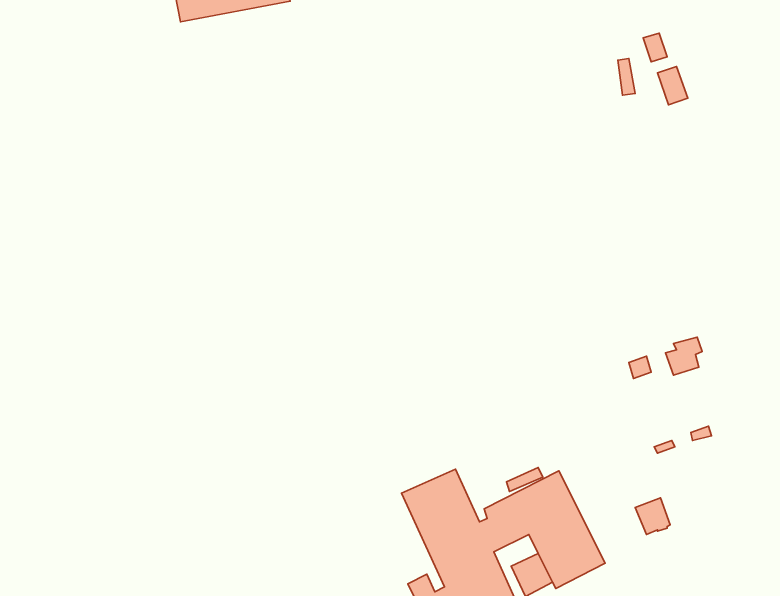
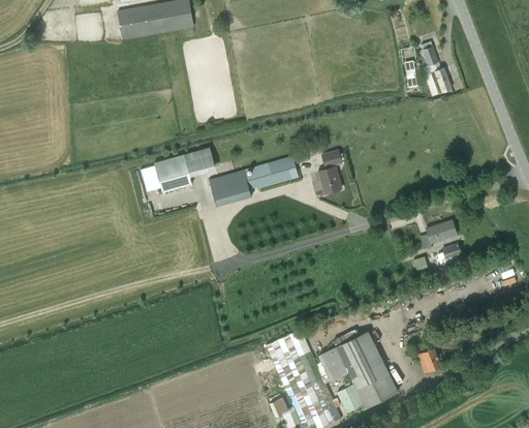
building: none -> [154,148,215,193]
building: none -> [318,151,341,193]
building: none -> [210,156,299,206]
building: none -> [426,220,457,244]

